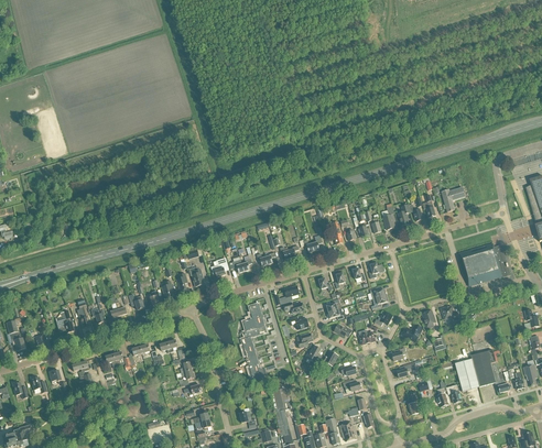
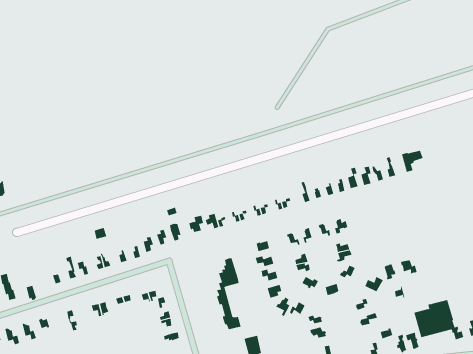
building: [458,242,509,285] -> none

